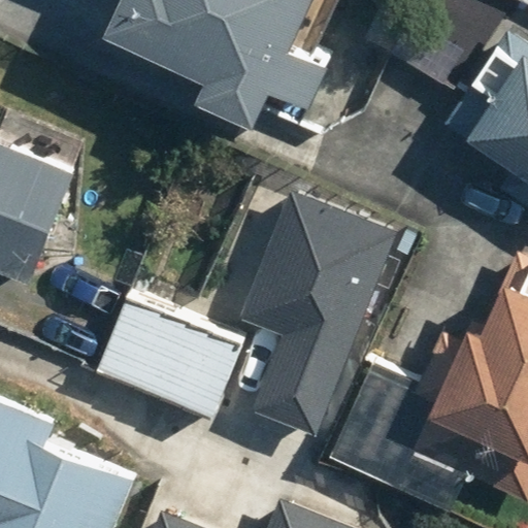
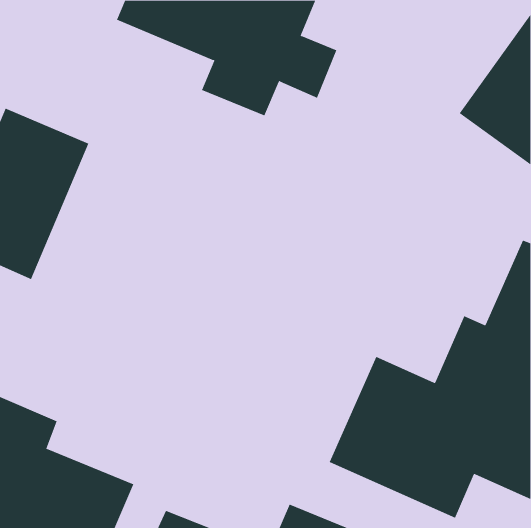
building: [244,190,406,431] -> none
building: [95,295,241,417] -> none

